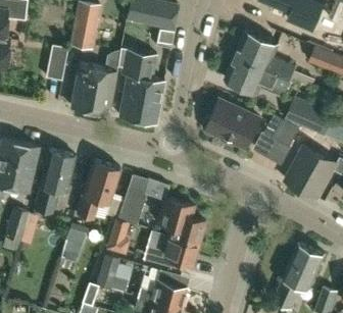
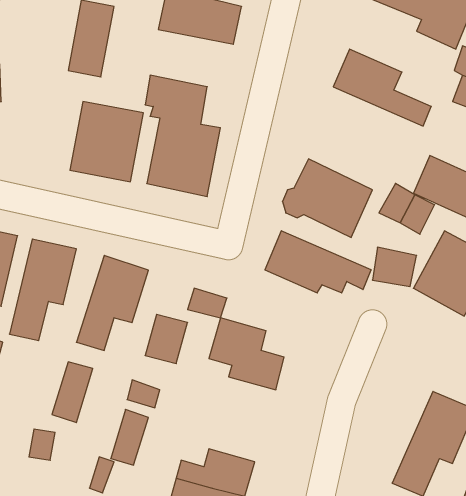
building: [46,46,68,81] -> none
building: [226,55,292,94] -> [265,231,371,293]
building: [147,231,200,266] -> none

